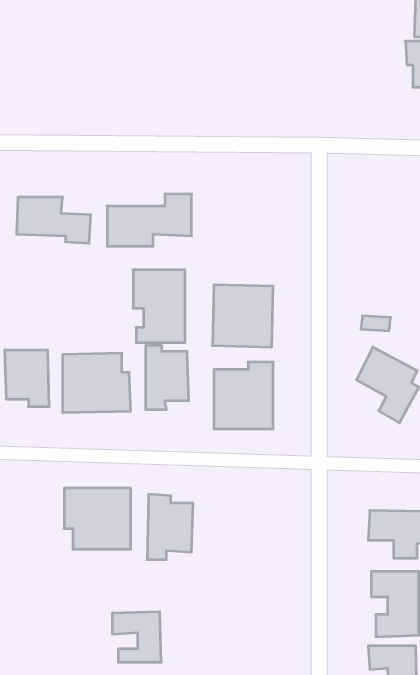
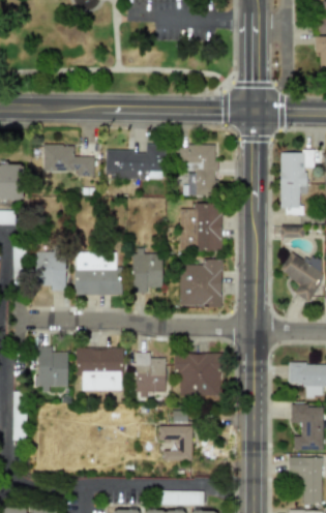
building: none -> [280,152,314,215]
building: [133,270,185,342] -> [180,145,216,195]
building: none -> [35,346,68,391]
building: none -> [173,353,221,398]
building: [112,612,161,662] -> [158,425,192,460]

